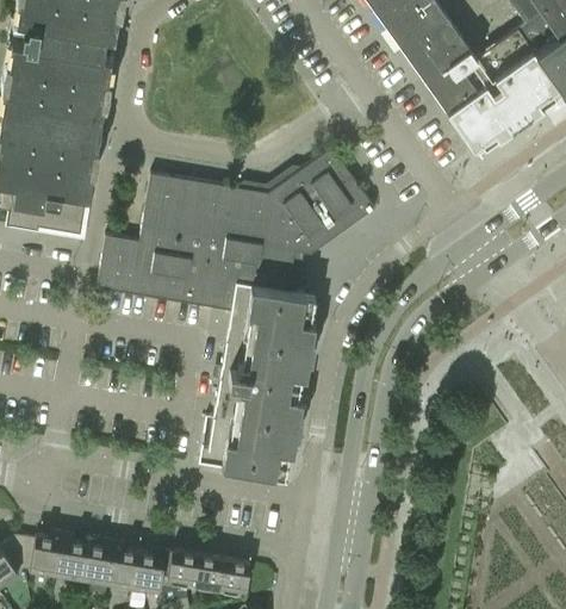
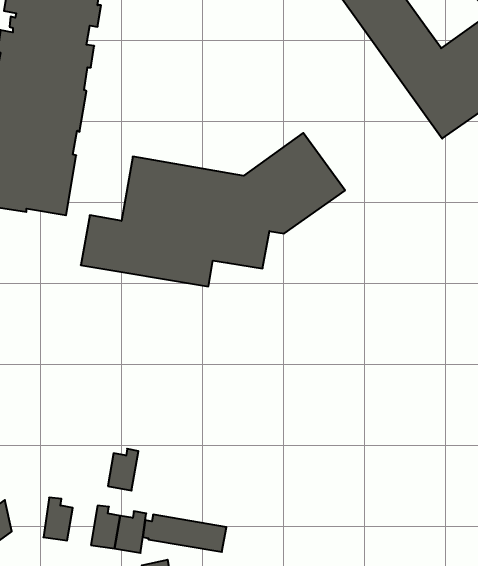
building: [200,282,316,474] -> none
building: [18,530,64,574] -> none
building: [83,539,116,583] -> [108,449,138,491]

